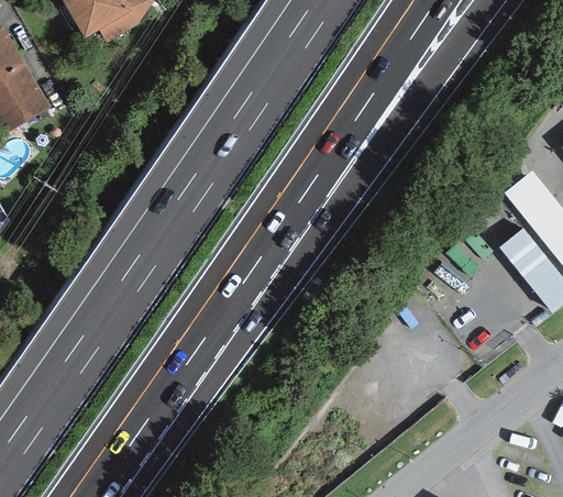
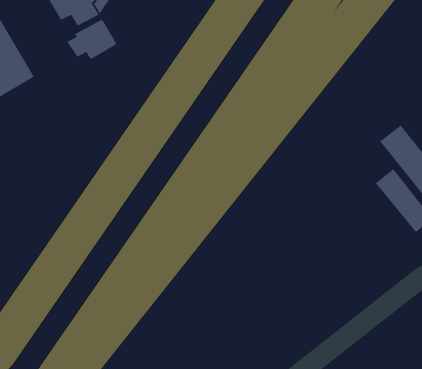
building: none -> [66,19,117,60]

